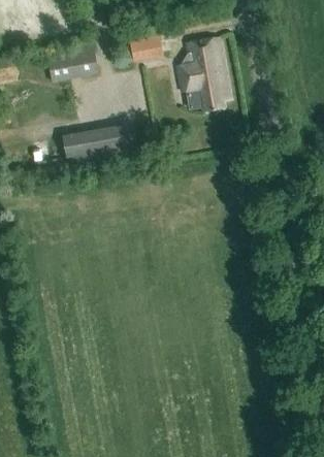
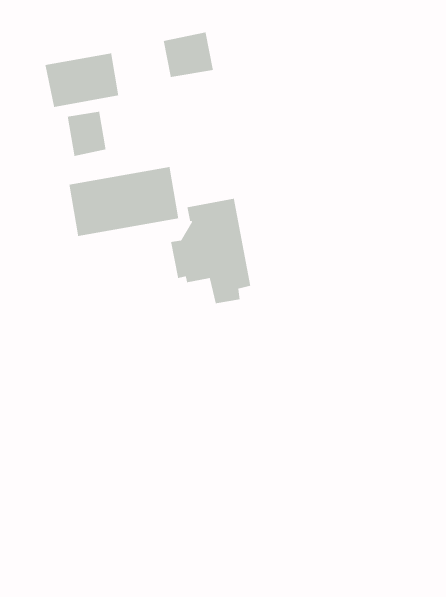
building: [175,35,231,108] -> [170,198,251,304]
building: none -> [67,111,107,157]

